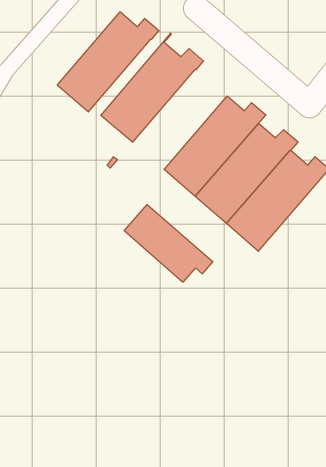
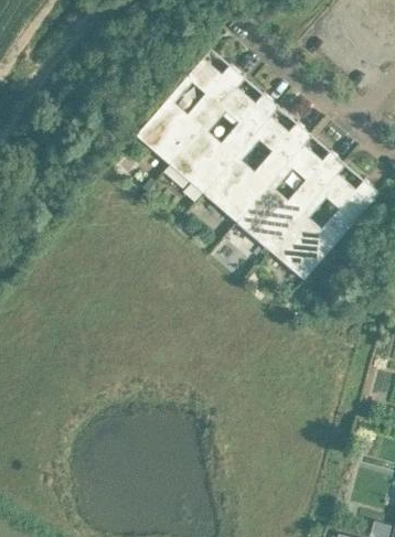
building: [57,12,159,112] -> [170,88,278,194]
building: [124,205,213,282] -> none

